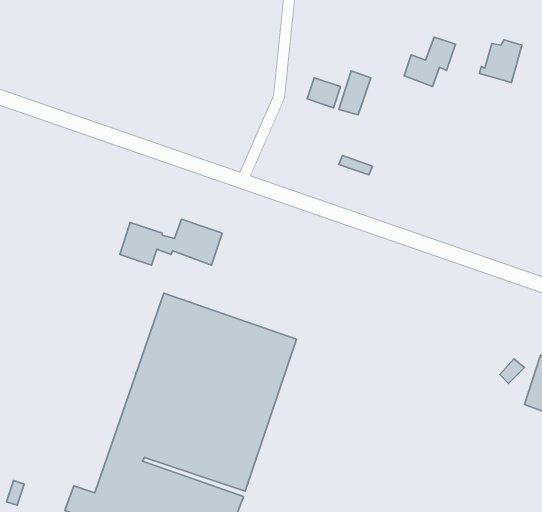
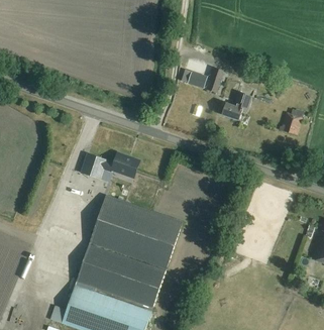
building: [404,37,455,87] -> [222,92,251,120]
building: [480,40,522,82] -> [280,109,304,133]

